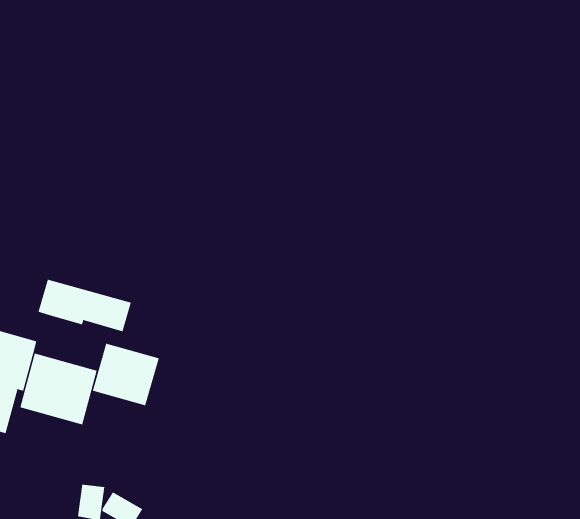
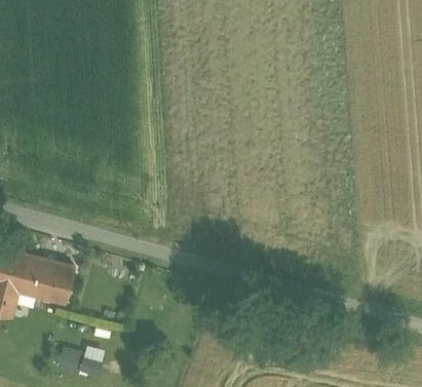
building: [38,279,132,332] -> none
building: [92,343,159,406] -> none

